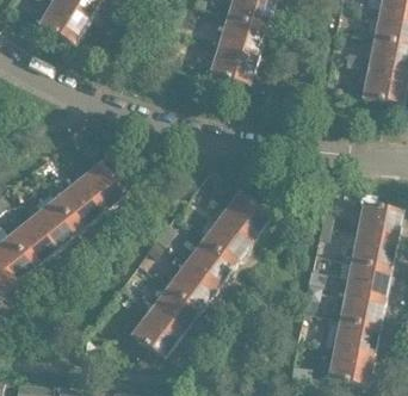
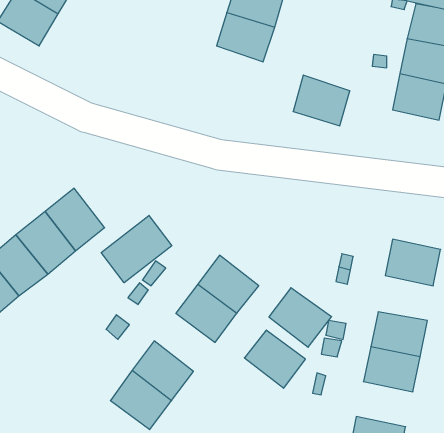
building: [210,43,256,85] -> [293,75,350,126]
building: none -> [101,215,172,283]
building: [221,191,272,240] -> [269,288,332,347]
building: [351,231,396,268] -> none
building: [167,262,217,310] -> [244,330,305,388]
building: [333,318,379,355] -> none

